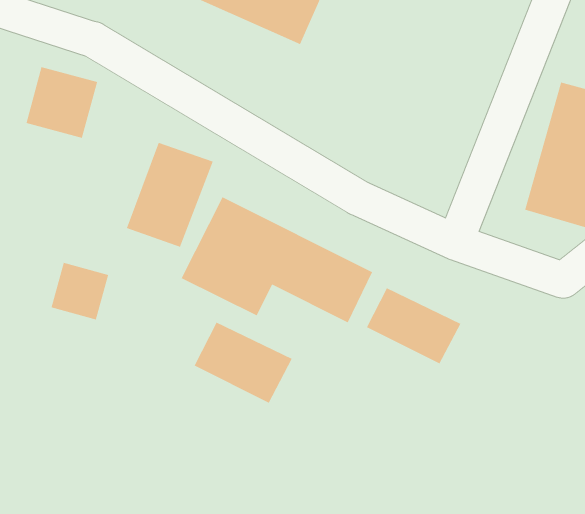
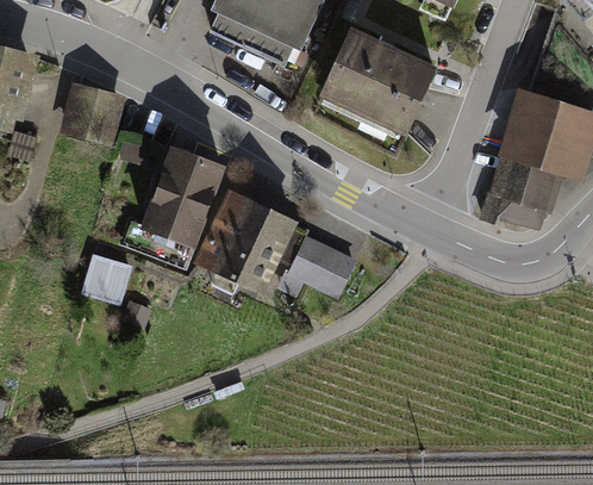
building: none -> [319,33,426,131]
building: [366,287,461,364] -> none
building: [193,321,293,404] -> none

